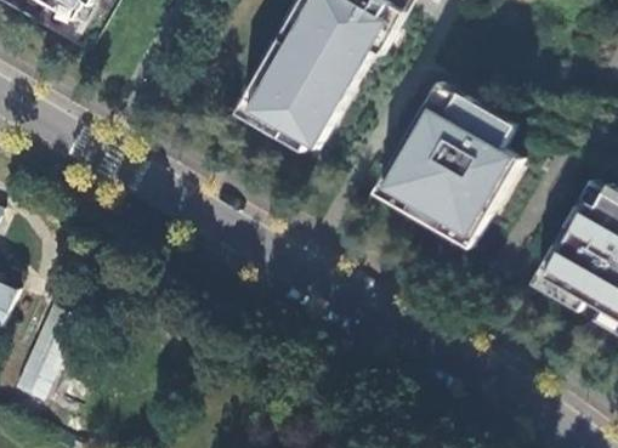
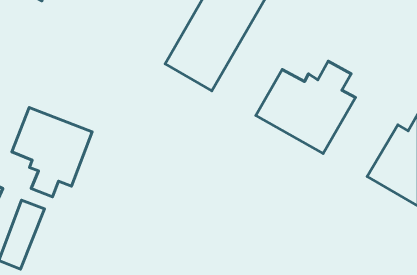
building: [413,83,478,137] -> none
building: none -> [12,107,92,197]

